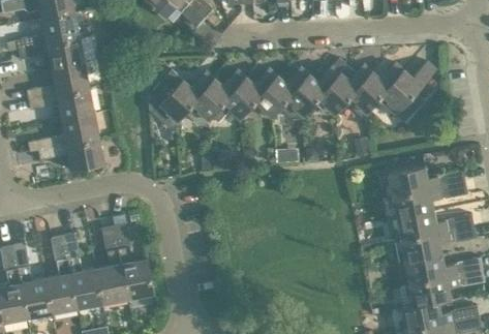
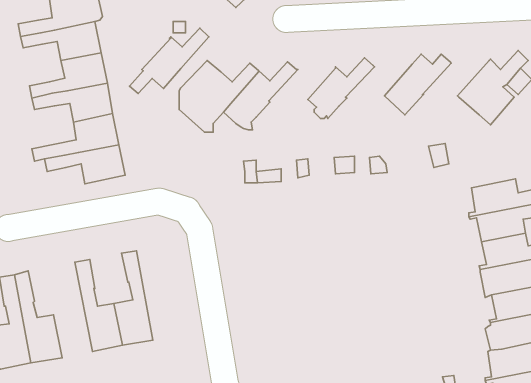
building: [280,56,347,118] -> none
building: [348,62,403,116] -> none
building: [212,67,277,121] -> [129,28,209,94]
building: [114,222,153,298] -> none
building: [45,234,78,312] -> none

